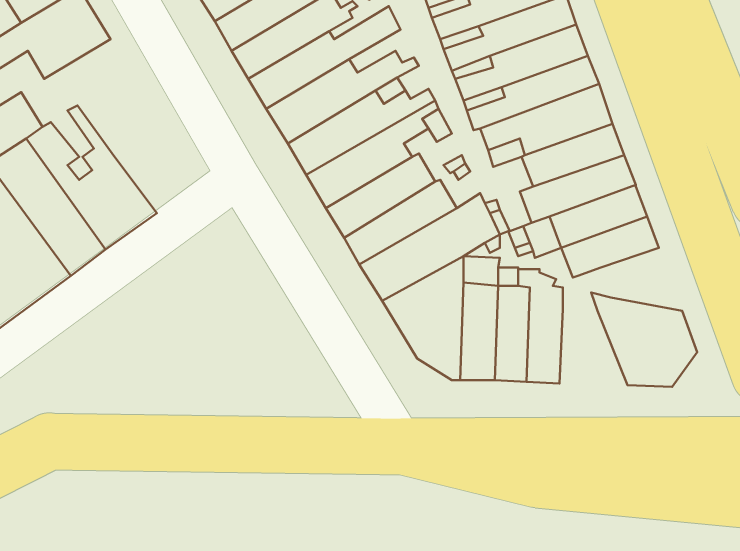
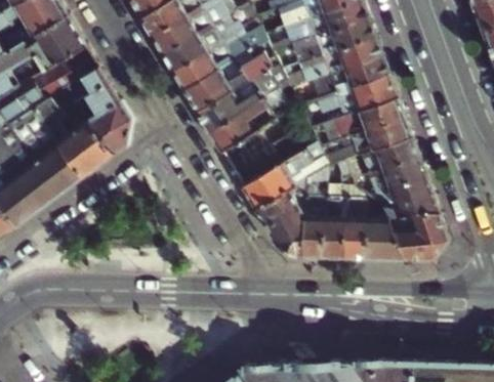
building: none -> [29,47,128,155]
building: none -> [387,176,438,215]
building: none -> [362,214,404,261]

